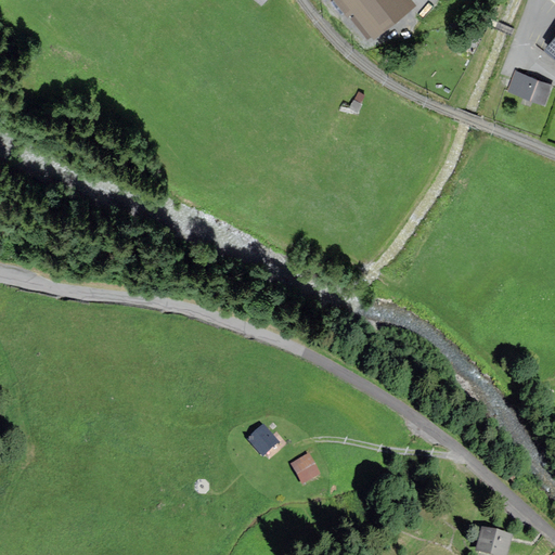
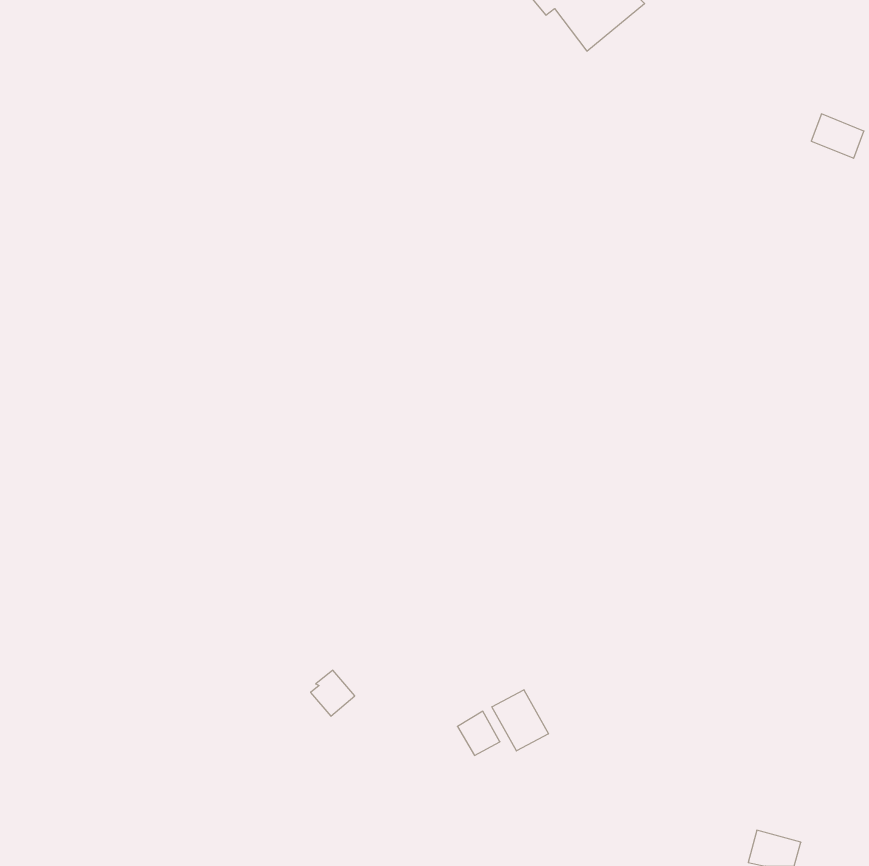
building: [249,425,278,454] -> [311,670,355,716]
building: none -> [492,690,548,751]

